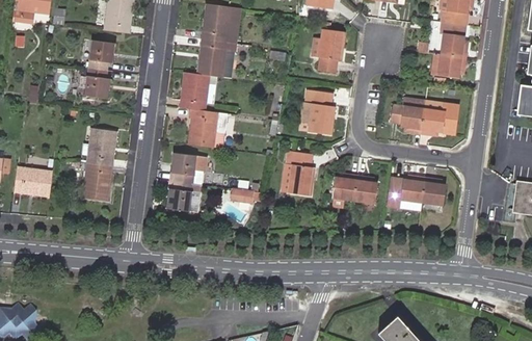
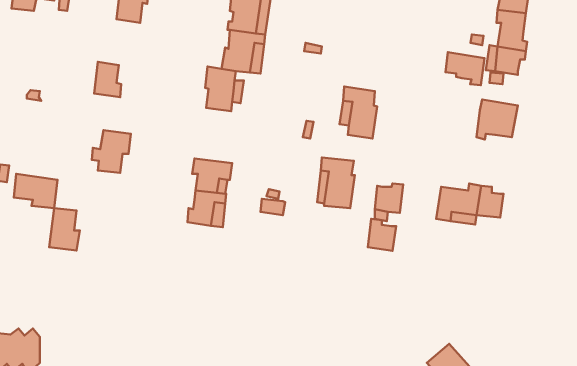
building: [311,29,344,73] -> none
building: [87,40,114,71] -> none
building: [390,105,424,134] -> [445,52,484,85]
building: [187,109,227,149] -> none
building: [83,163,110,201] -> [49,208,80,251]
building: [353,176,378,204] -> [368,219,396,251]

